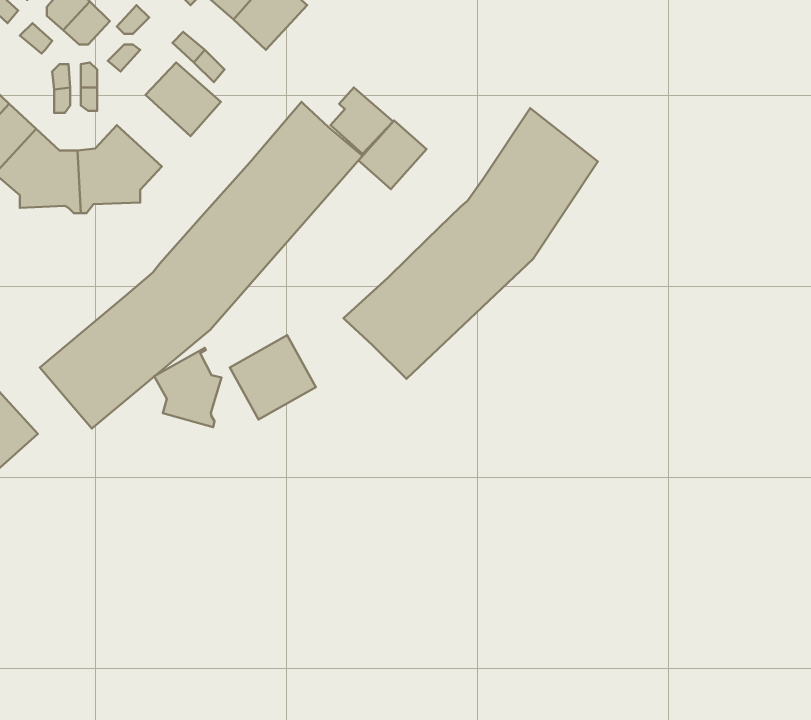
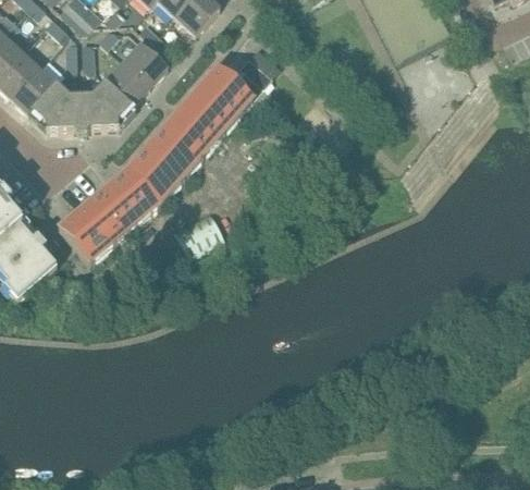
building: none -> [103,60,148,103]
building: [343,108,598,379] -> none
building: [359,121,426,189] -> none
building: [154,348,222,427] -> none

